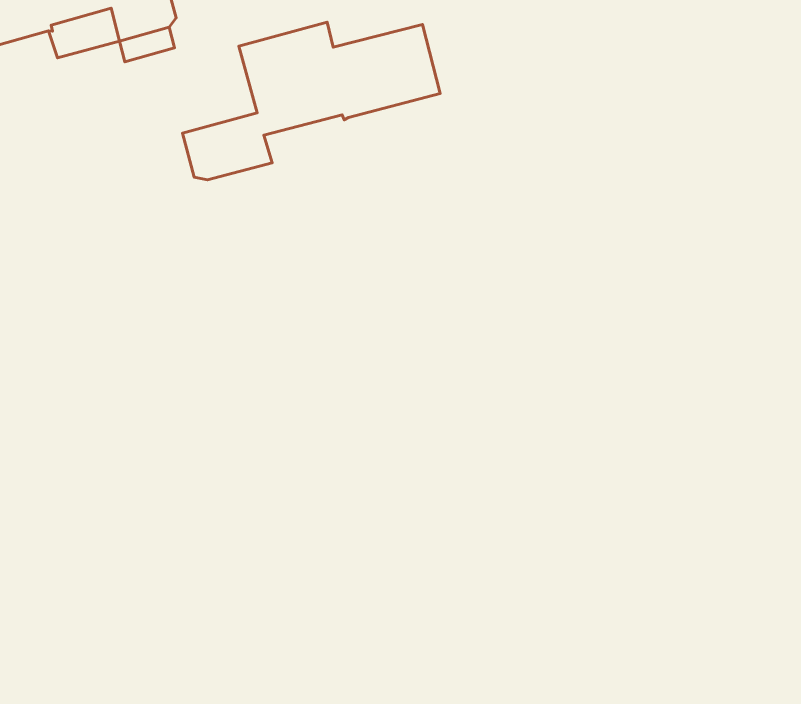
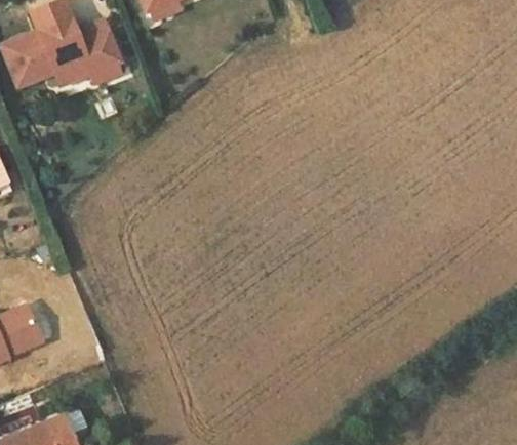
building: [182,22,440,180] -> none

